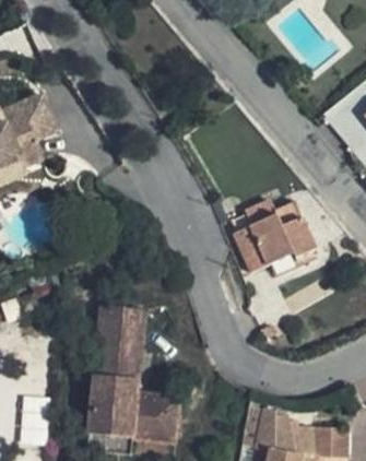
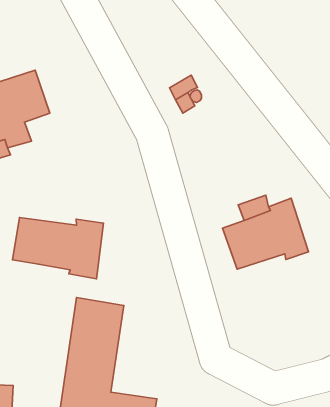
building: none -> [13,218,103,279]

